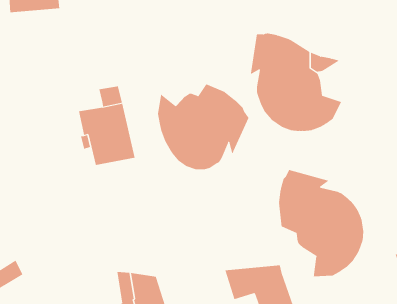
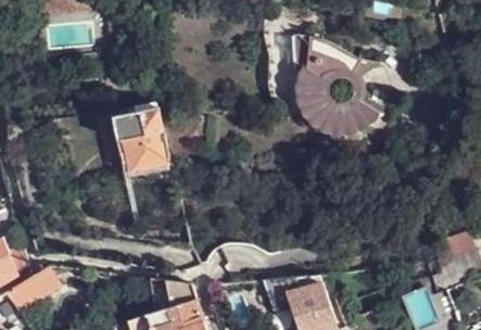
building: [157,83,249,170] -> none
building: [279,169,364,277] -> none

